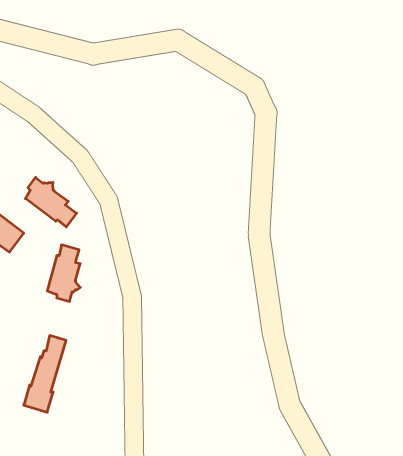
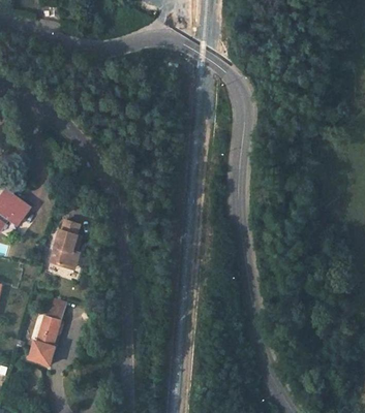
building: [25,177,77,227] -> none

